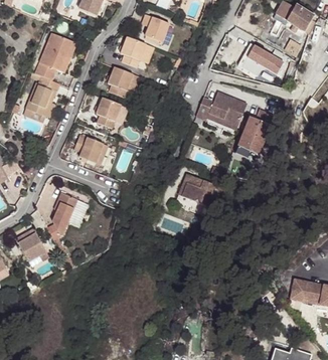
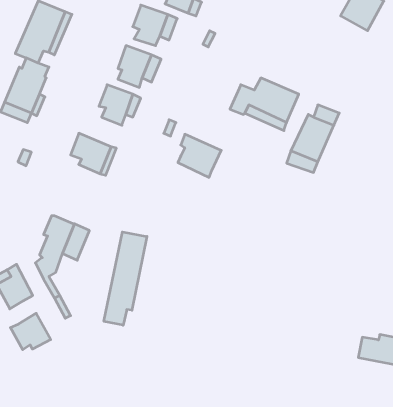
building: [241,46,284,77] -> none
building: [177,171,209,203] -> [178,134,221,177]
building: none -> [104,232,147,325]
building: none -> [10,313,51,350]

